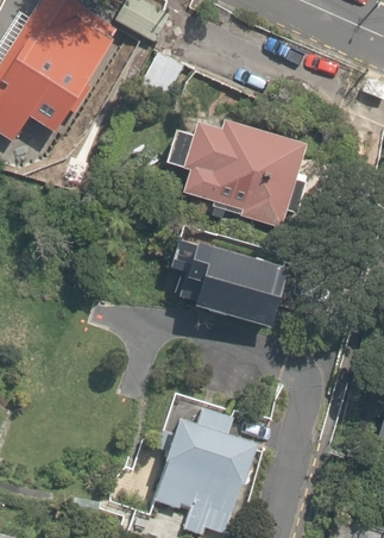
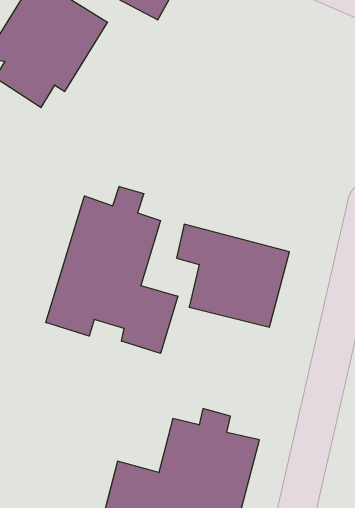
building: [165,108,314,230] -> none
building: none -> [46,186,178,353]

